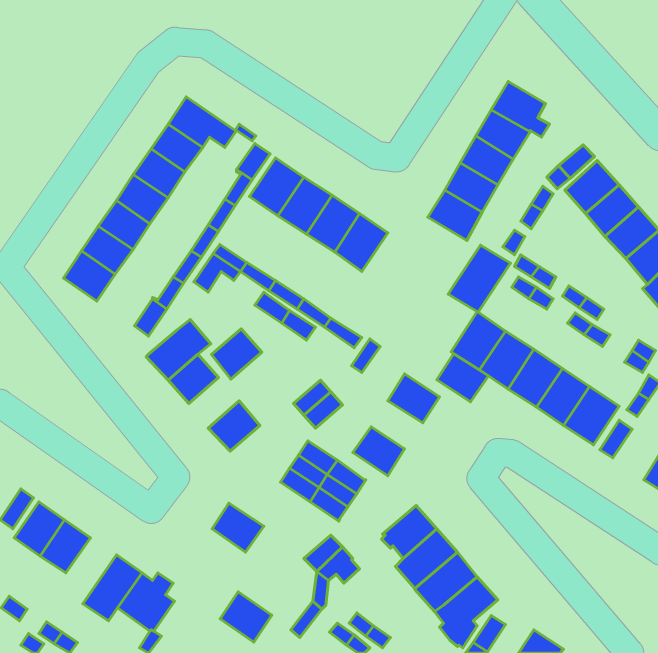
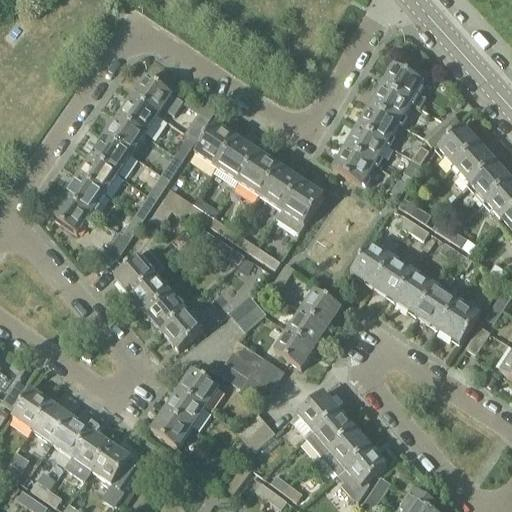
building: [448,245,510,312] -> [277,180,325,232]
building: [211,329,262,379] -> [148,292,187,331]
building: [437,354,488,402] -> [289,310,329,347]
building: none -> [179,369,219,407]
building: none -> [53,416,92,457]
building: [220,592,272,642] -> [152,409,192,448]

